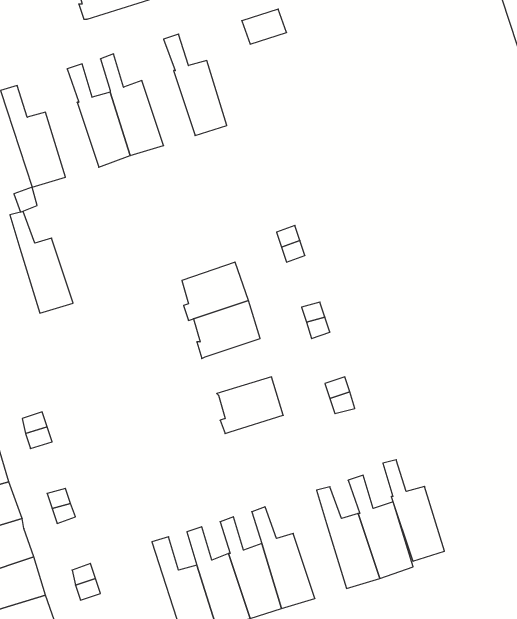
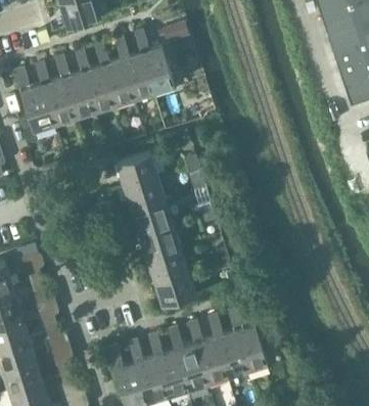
building: none -> [135,32,175,94]
building: none -> [95,44,134,106]
building: [10,211,73,313] -> [36,63,75,126]
building: none -> [118,154,158,190]
building: none -> [140,225,181,261]
building: none -> [155,272,196,307]
building: [383,460,444,561] -> [189,322,227,385]

